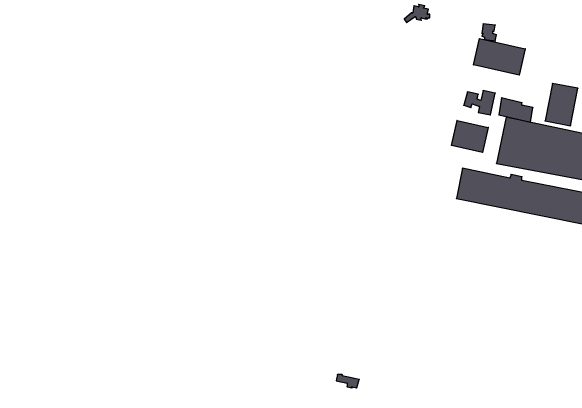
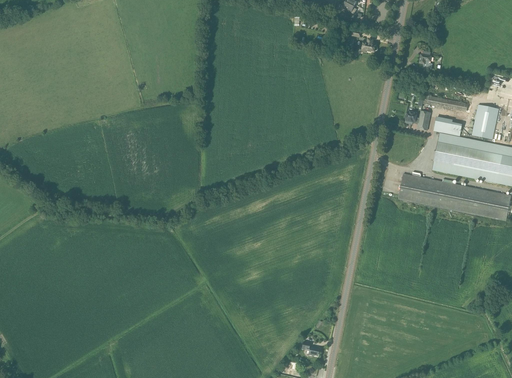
building: [474,39,525,75] -> none
building: [451,120,488,152] -> none

